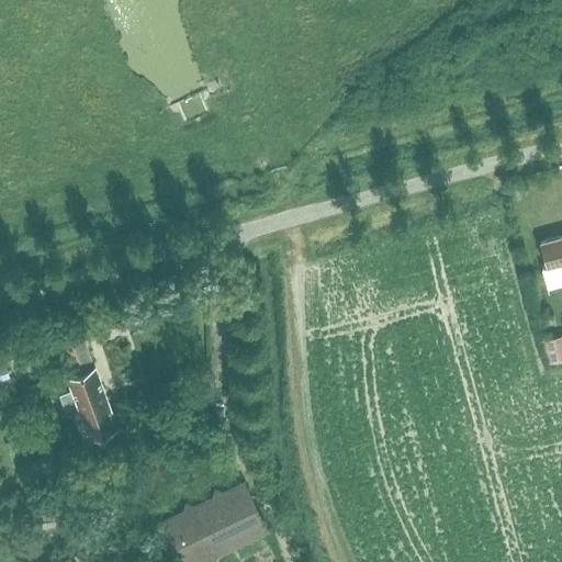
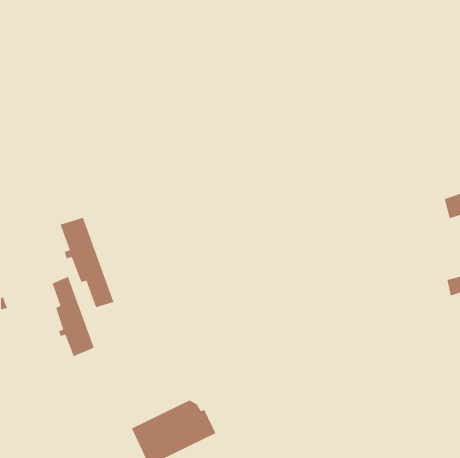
building: none -> [60,217,115,308]

